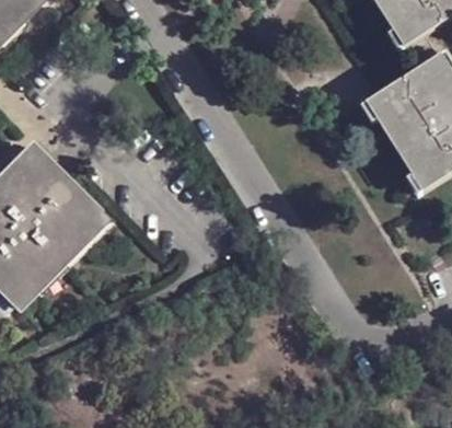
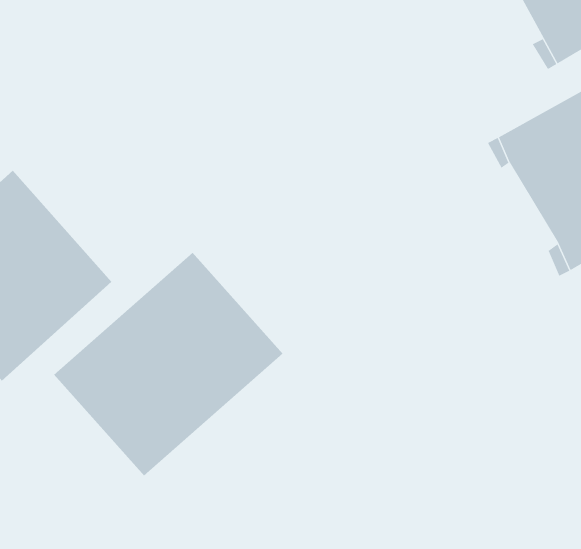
building: none -> [53,252,283,476]

